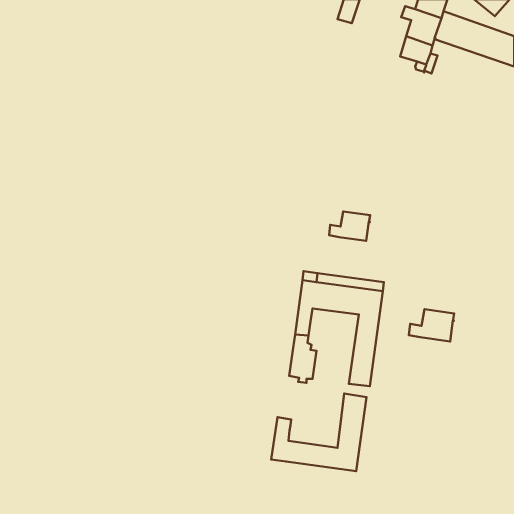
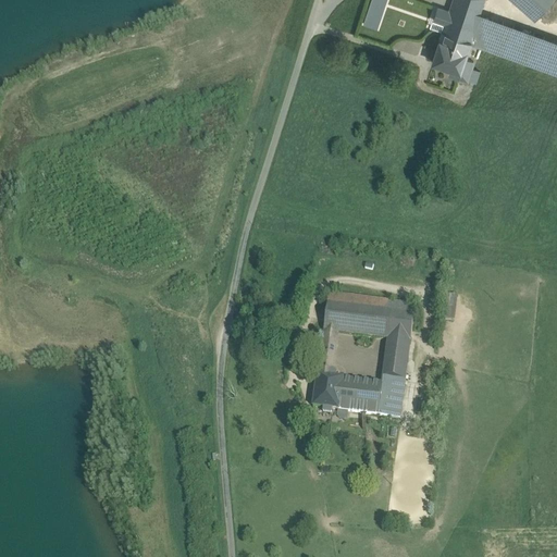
building: [329,211,370,241] -> none
building: [409,309,454,341] -> none
building: none -> [337,379,381,414]
building: [271,393,366,471] -> none

